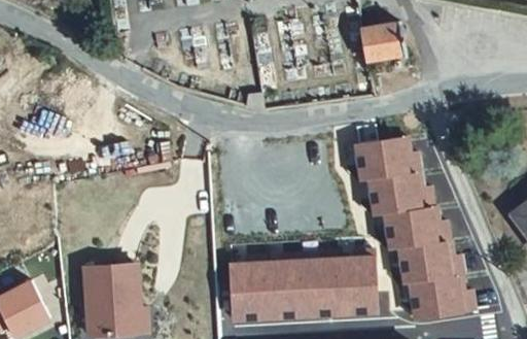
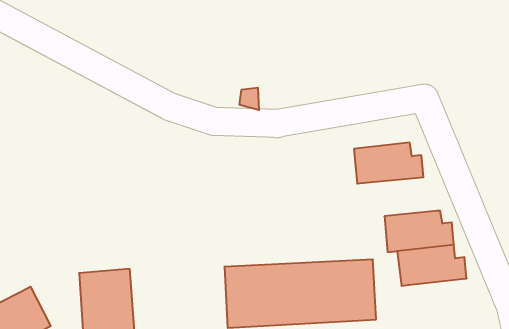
building: [362,21,406,60] -> none
building: [366,175,435,215] -> none
building: [408,274,476,314] -> none

